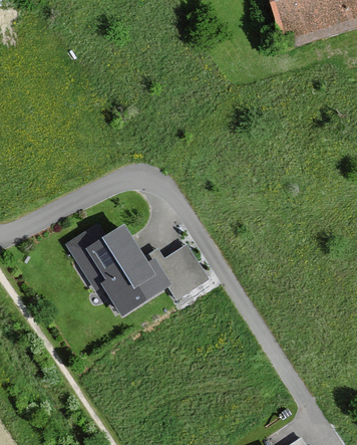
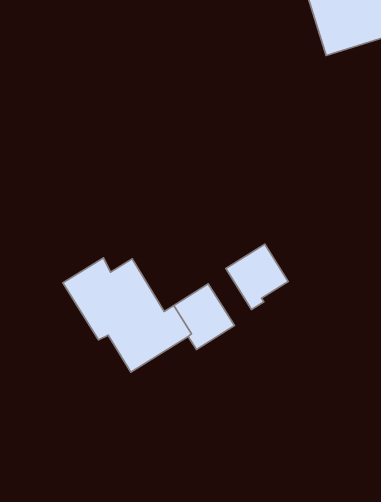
building: none -> [226,244,288,310]

